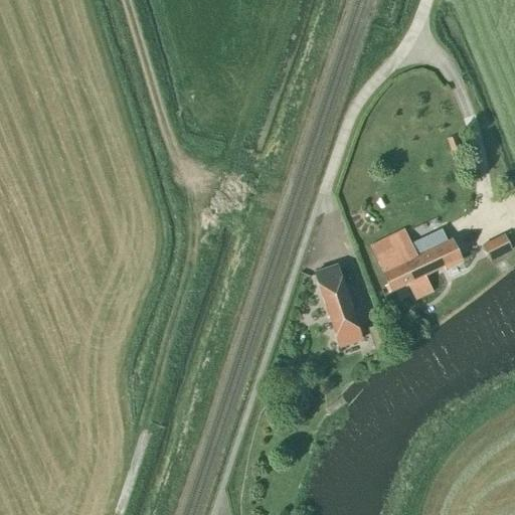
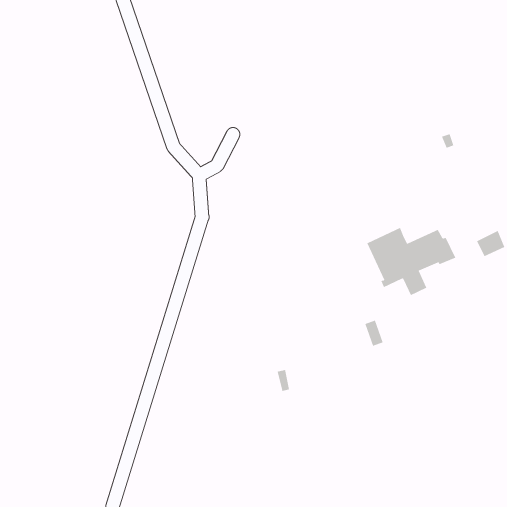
building: [316,264,362,346] -> none

